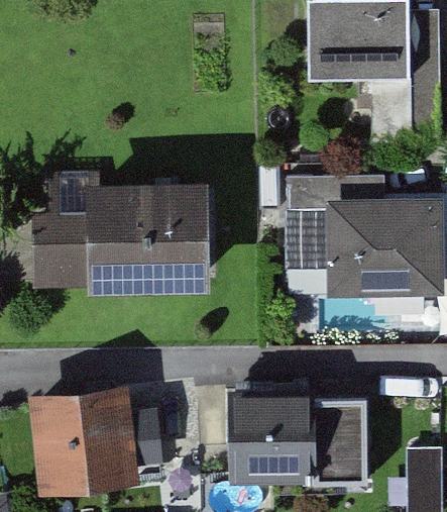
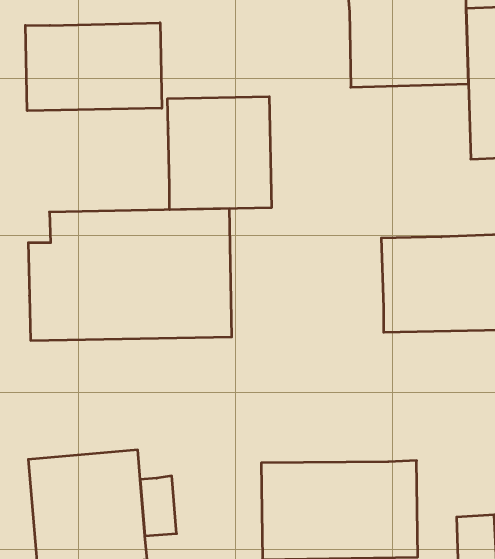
building: none -> [25,23,162,111]
building: none -> [168,97,271,210]
building: [289,178,386,270] -> none

